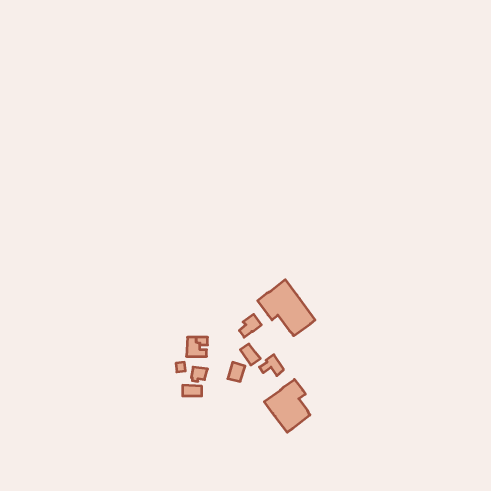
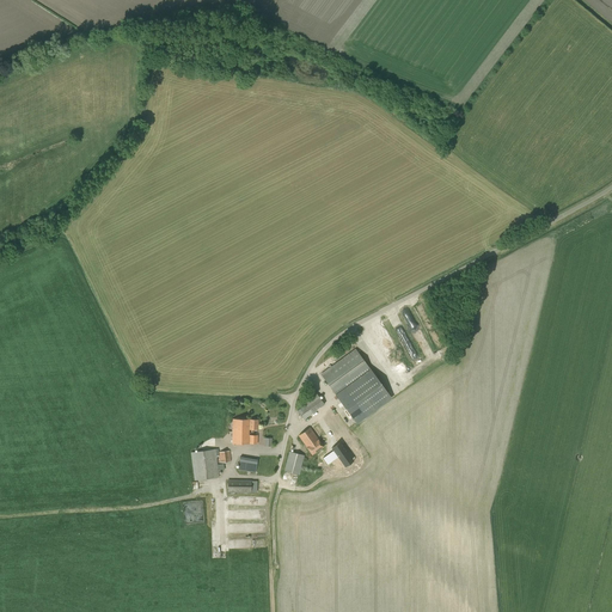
building: none -> [190,448,219,481]
building: [264,379,310,432] -> none

